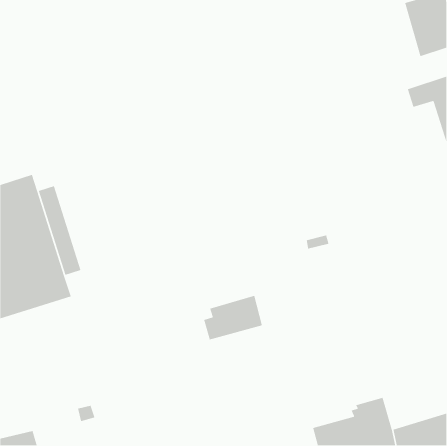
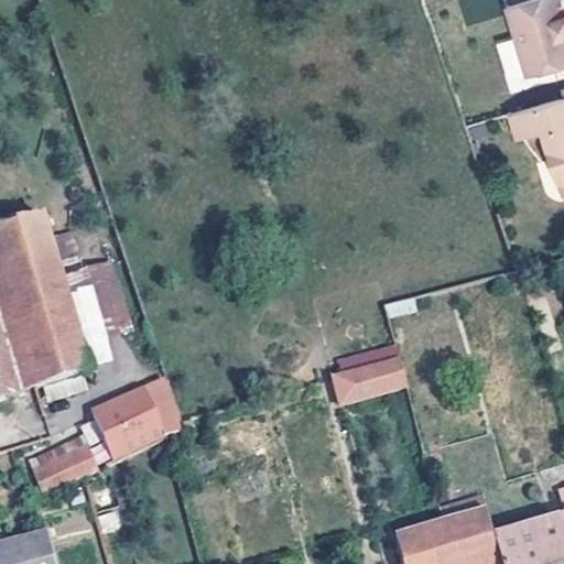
building: [203,295,263,341] -> [332,347,406,404]
building: none -> [94,384,182,466]
building: none -> [26,433,95,488]

